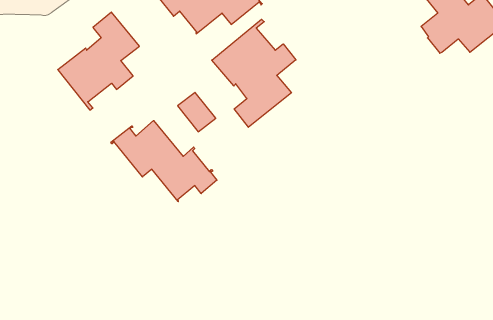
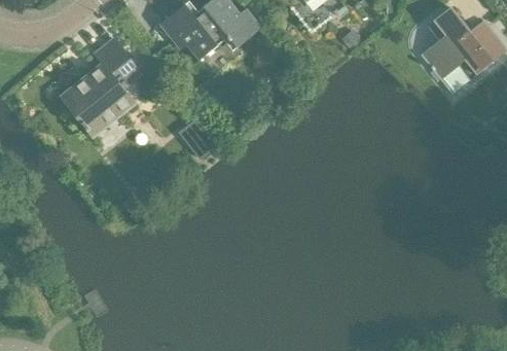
building: [212,19,296,127] -> none
building: [111,121,217,202] -> none

